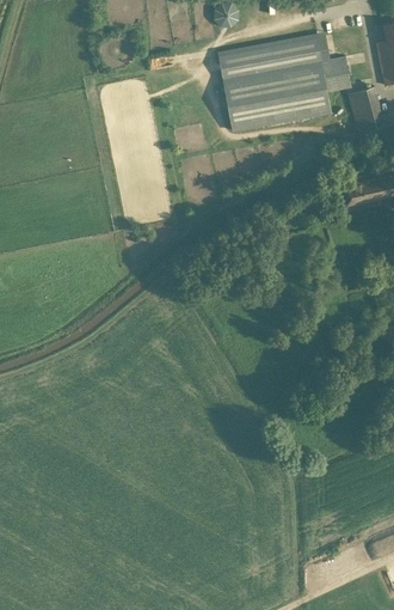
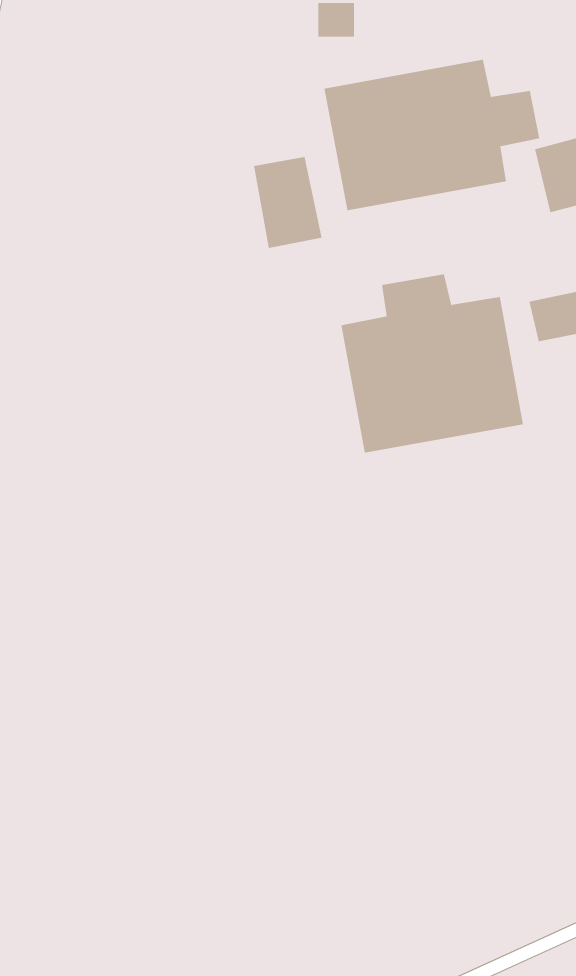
building: none -> [253,156,323,249]
building: none -> [341,273,524,453]

